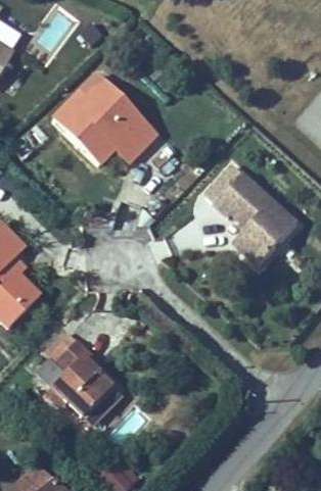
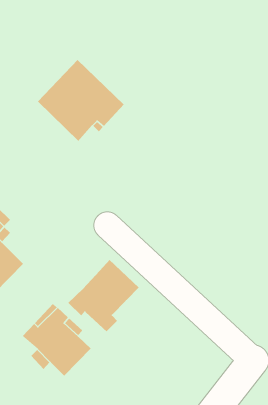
building: [218,170,302,263] -> none
building: none -> [67,259,140,332]

